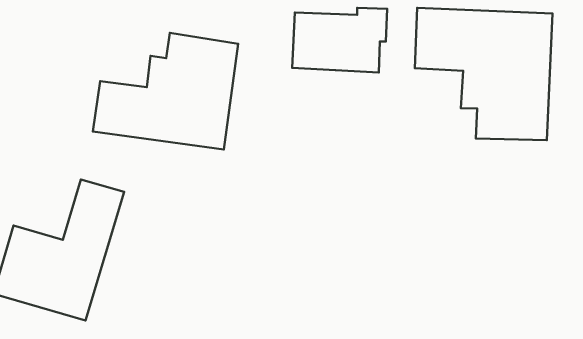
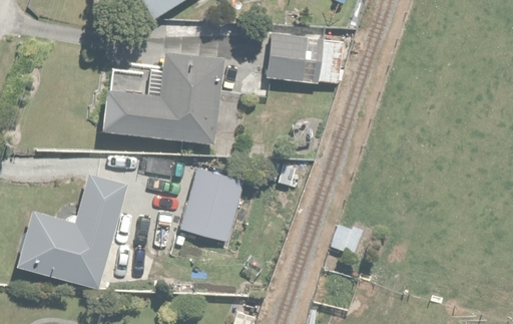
building: [415,8,552,140] -> none
building: none -> [181,166,244,243]

